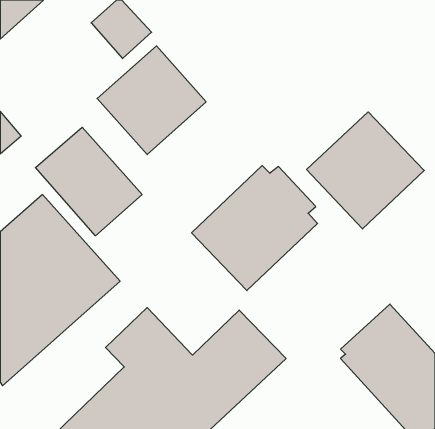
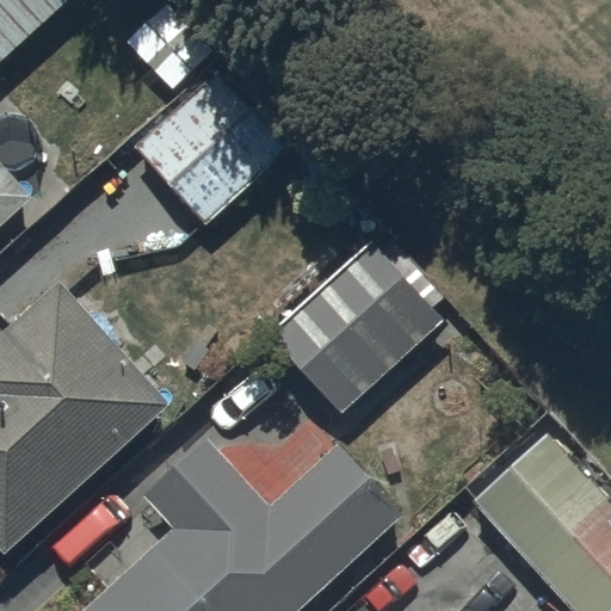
building: [307,112,424,229] -> none
building: [35,127,142,236] -> none

